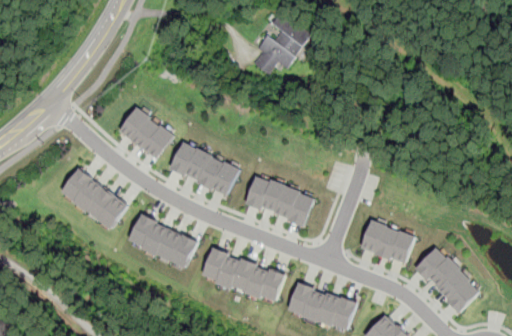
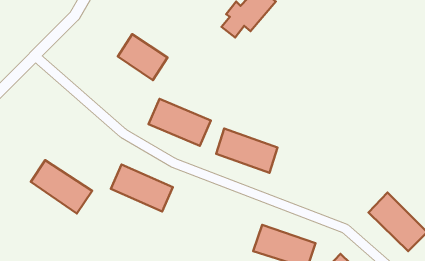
building: [119,107,174,158] -> [118,34,167,80]
building: [60,169,128,228] -> [31,160,92,213]
building: [360,220,414,263] -> none
building: [201,248,283,301] -> none

